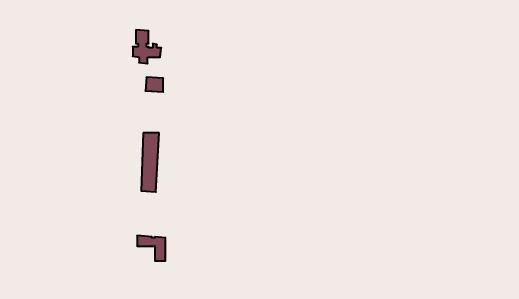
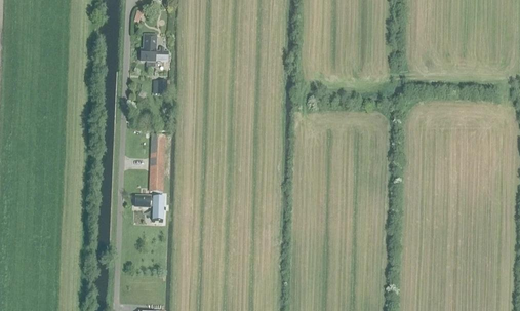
building: [137,236,165,261] -> [135,195,163,220]

